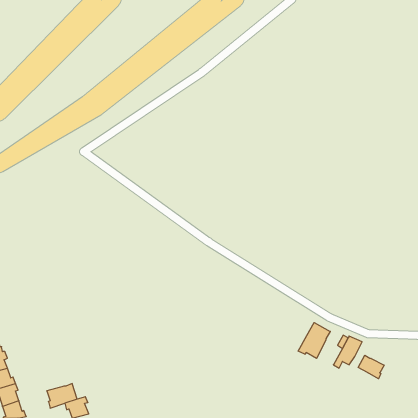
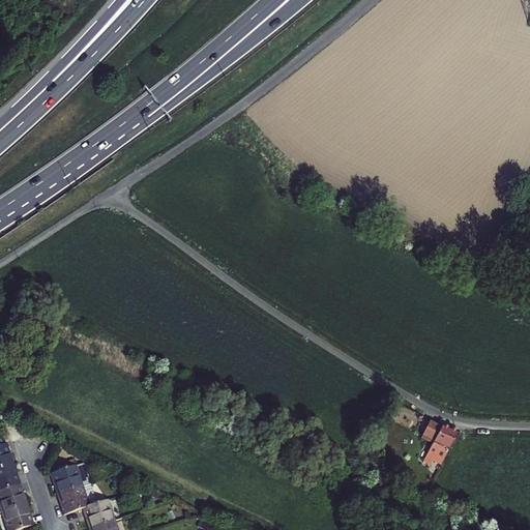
building: [298,323,330,358] -> none
building: [358,355,384,379] -> none
building: none -> [50,467,81,494]

